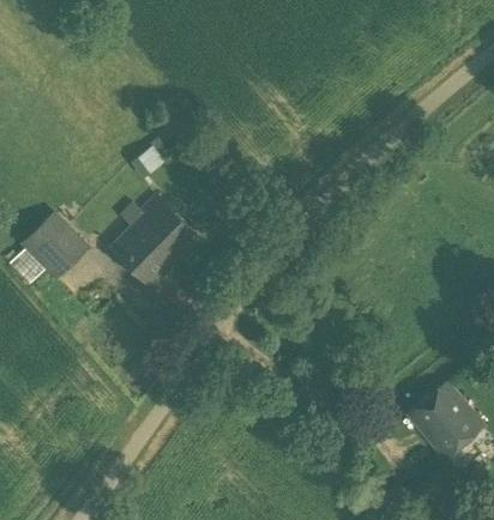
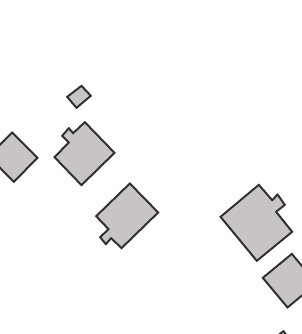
building: none -> [96,183,158,248]
building: none -> [220,185,292,261]

